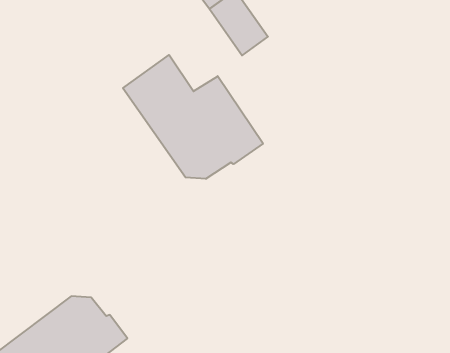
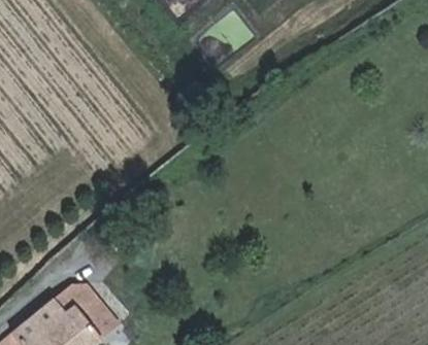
building: [123,55,263,179] -> none

